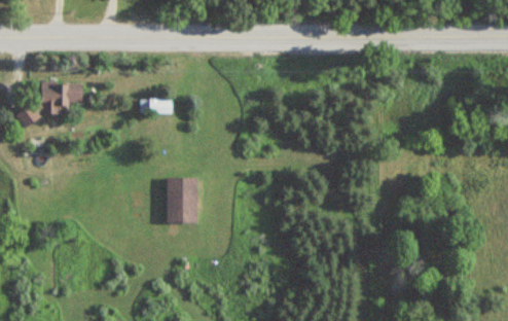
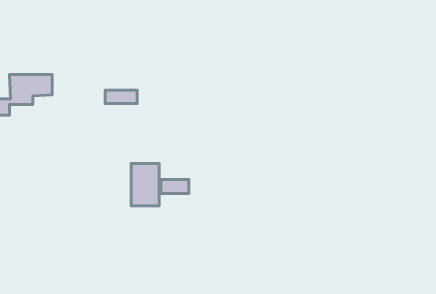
building: none -> [161,179,189,193]

